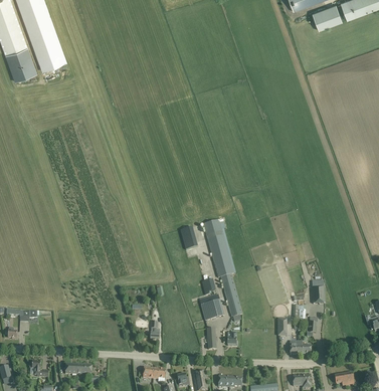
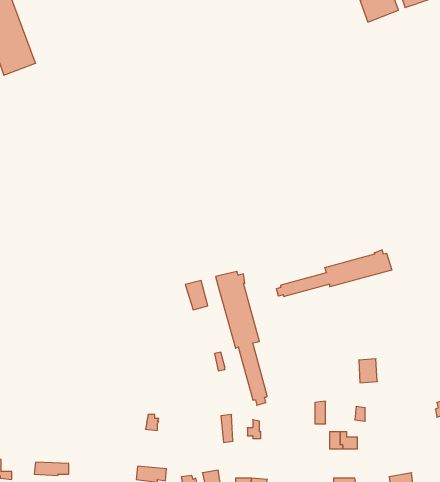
building: none -> [277,250,392,297]
building: [198,292,223,320] -> none

